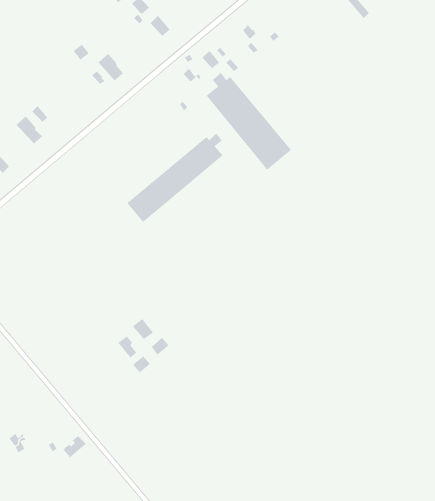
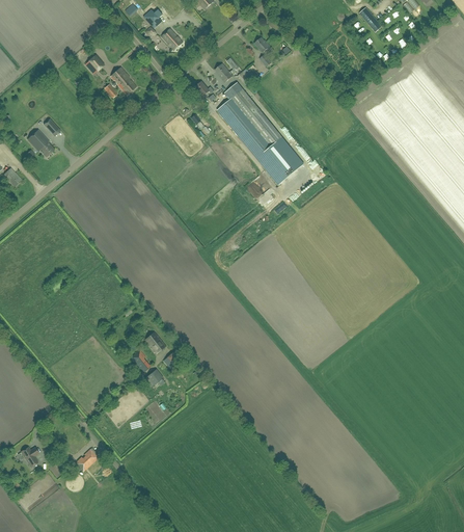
building: [127,133,223,223] -> none

